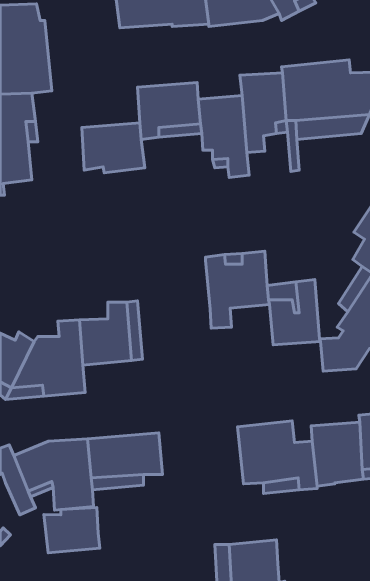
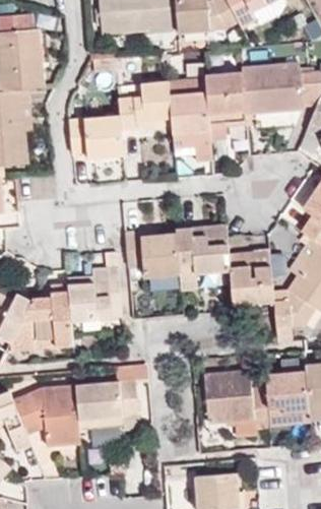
building: none -> [125,231,180,277]
building: [44,507,100,553] -> none

